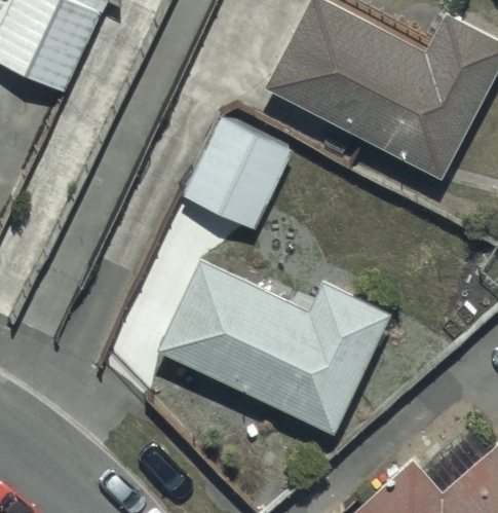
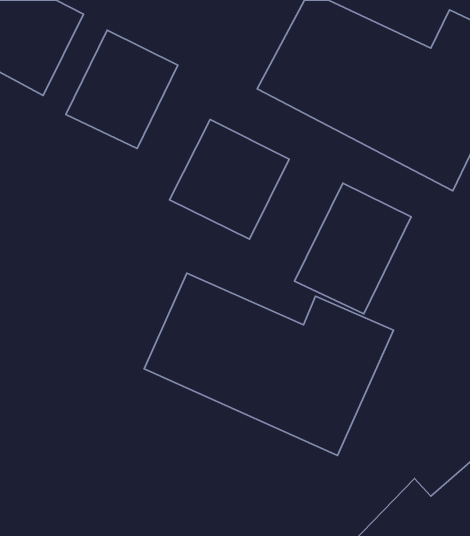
building: none -> [66,30,178,148]
building: none -> [294,183,411,314]

